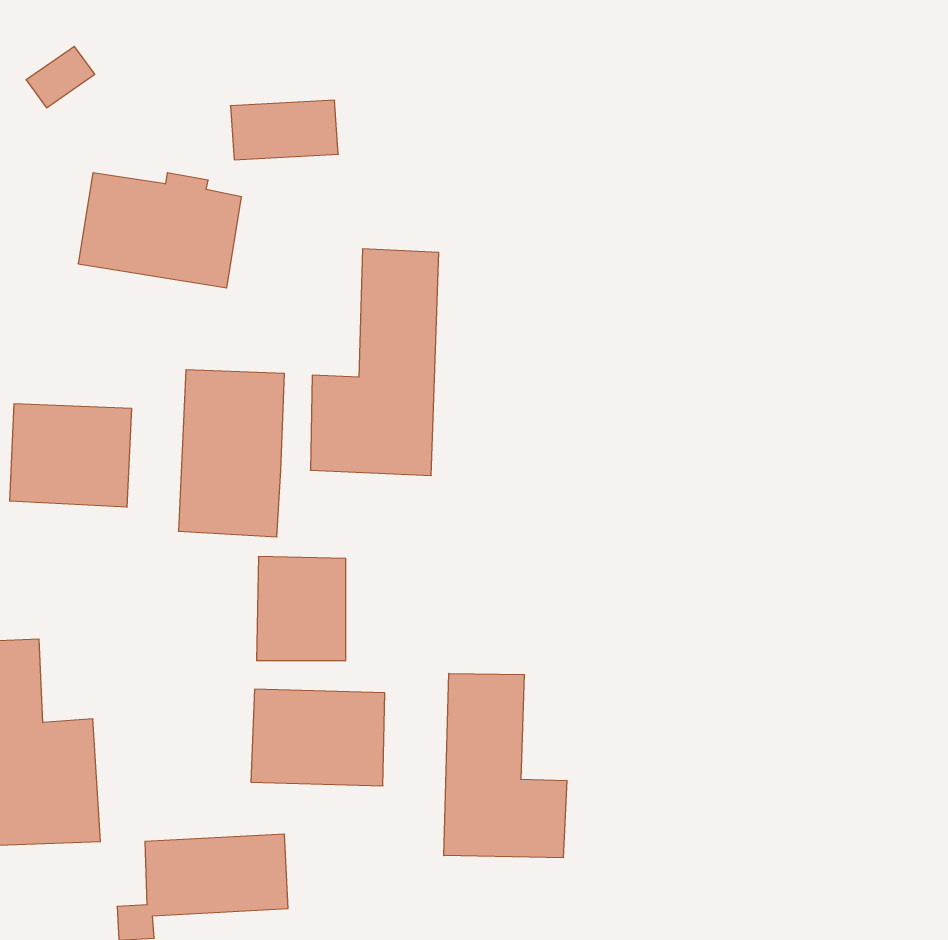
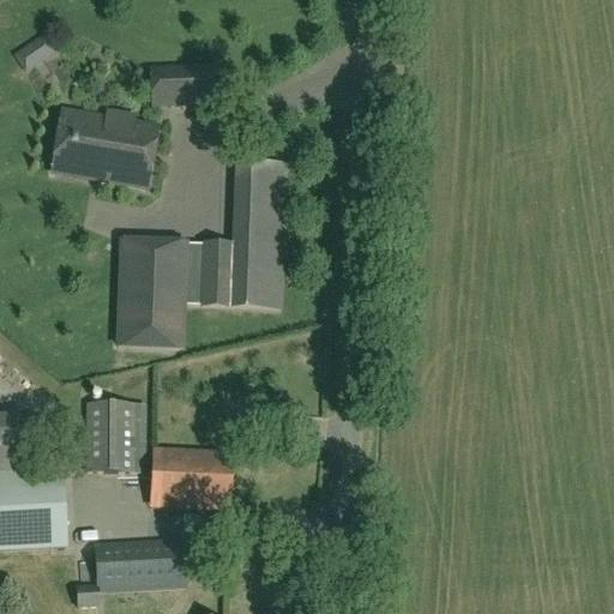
building: [10,404,131,507] -> none
building: [257,557,346,661] -> [85,403,143,470]
building: [444,673,567,858] -> none

